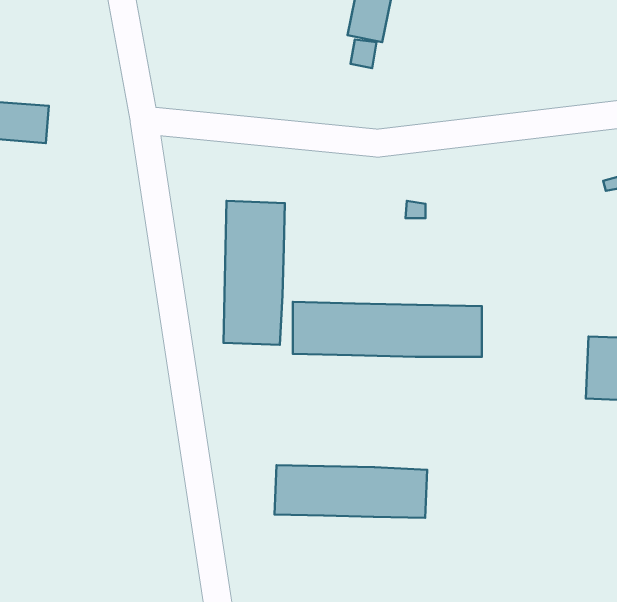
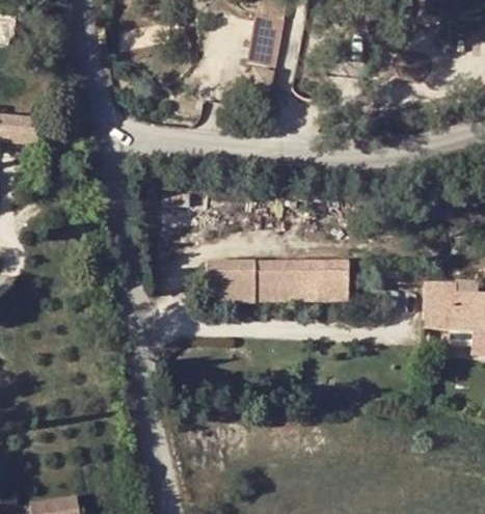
building: [223,201,285,345] -> none
building: [275,465,427,518] -> none

